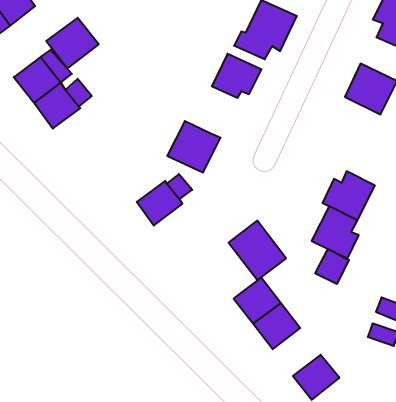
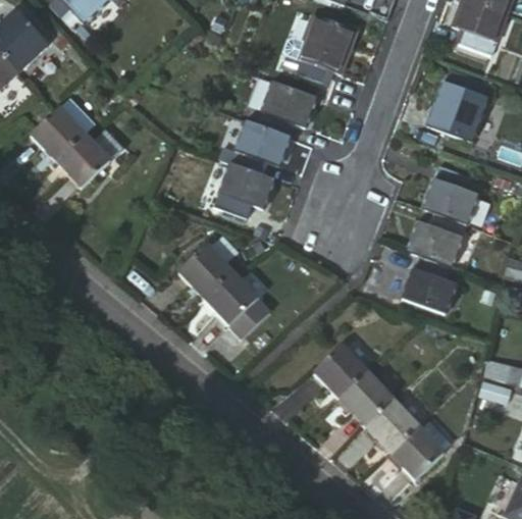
building: [46,18,99,68] -> none
building: none -> [234,118,295,177]
building: none -> [422,164,477,223]
building: [229,221,286,280] -> [208,263,277,333]
building: [315,249,349,284] -> none
building: none -> [360,399,417,456]

